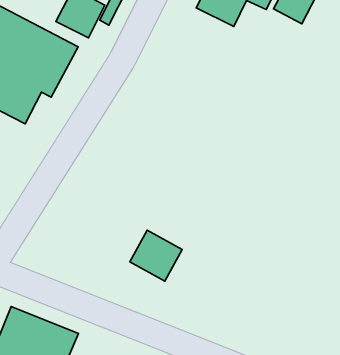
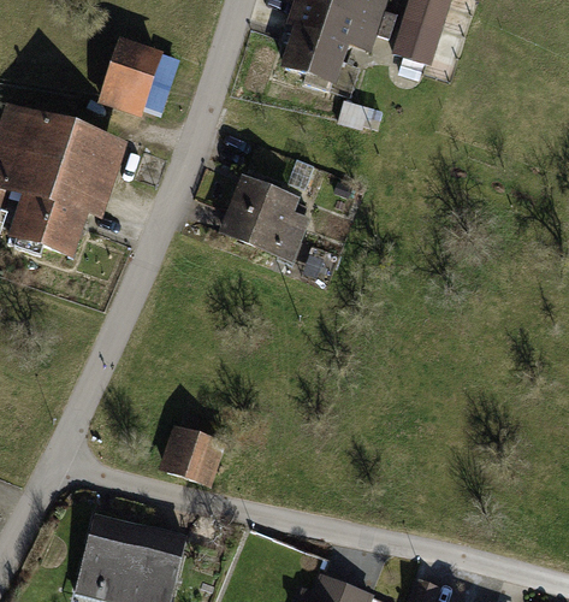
building: none -> [219,172,310,260]
building: [130,230,182,281] -> [158,423,226,489]

